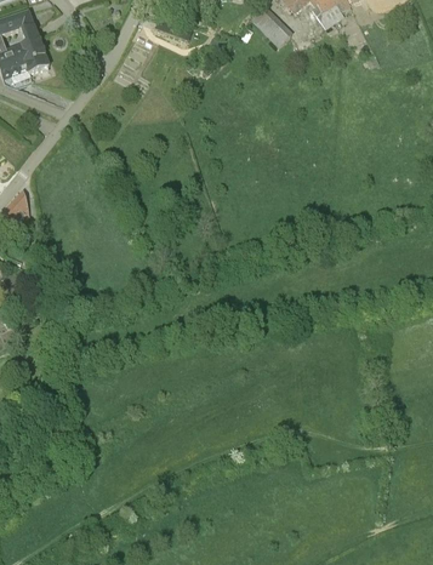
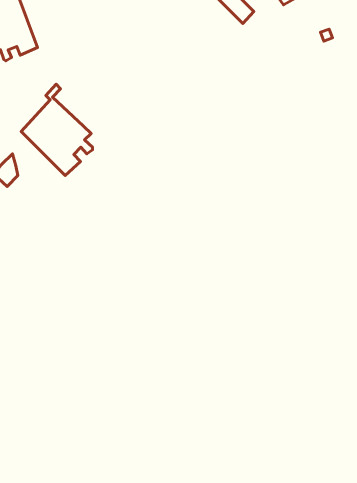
building: none -> [21,84,93,175]

